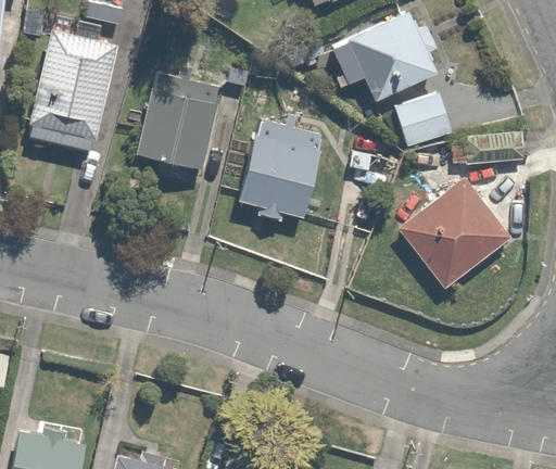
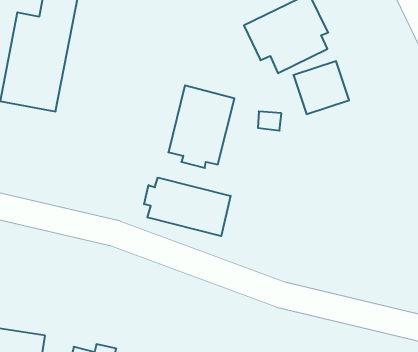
building: [136,76,216,167] -> none
building: [395,177,514,288] -> none
building: none -> [144,178,231,236]

